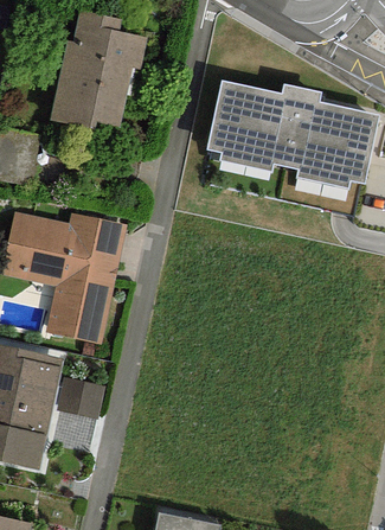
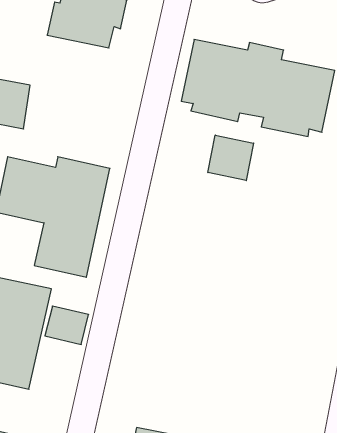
building: [49,76,127,134] -> none
building: none -> [208,135,254,181]

